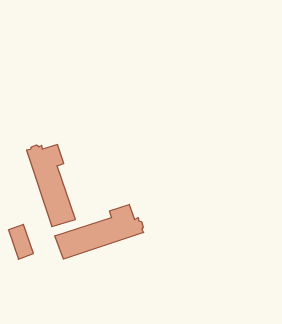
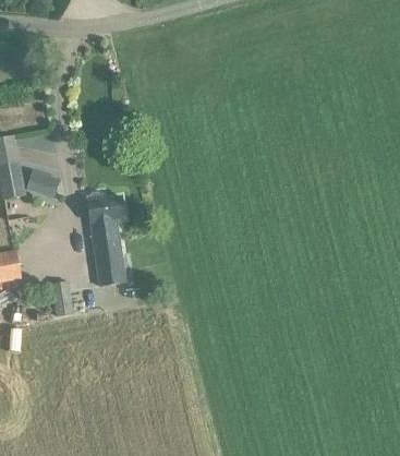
building: [55,204,144,259] -> none

